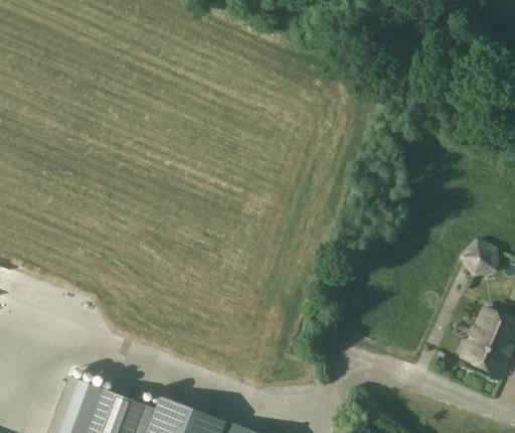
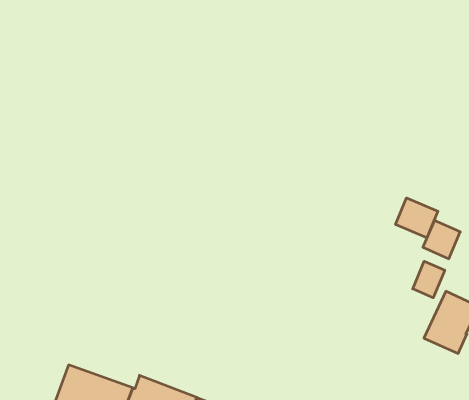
building: none -> [396,198,438,238]
building: none -> [413,261,445,298]

